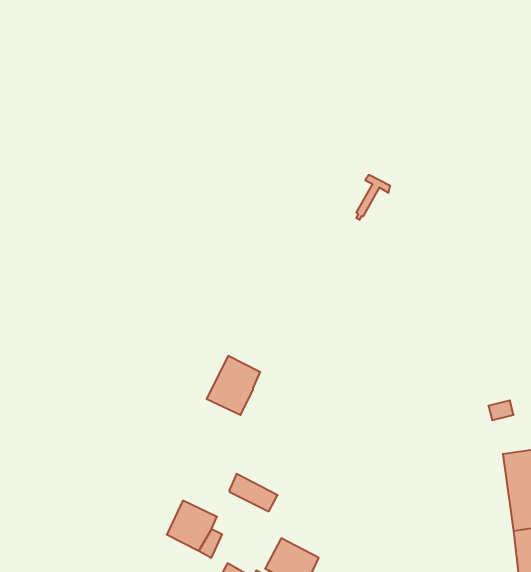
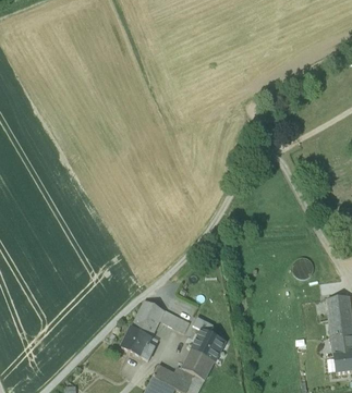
building: [207,356,260,415] -> [131,299,163,335]
building: none -> [191,329,224,360]

